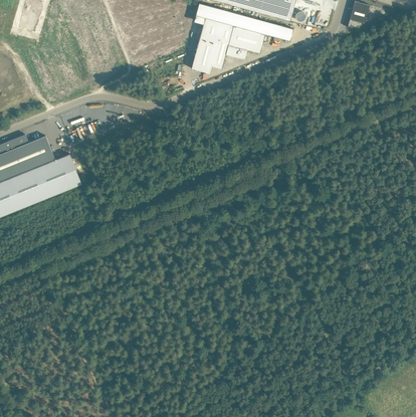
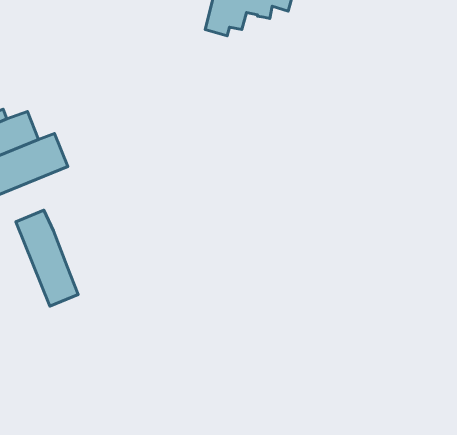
building: none -> [16,210,78,306]

